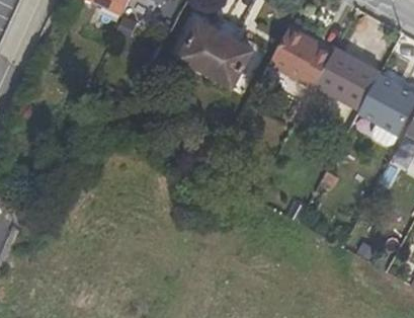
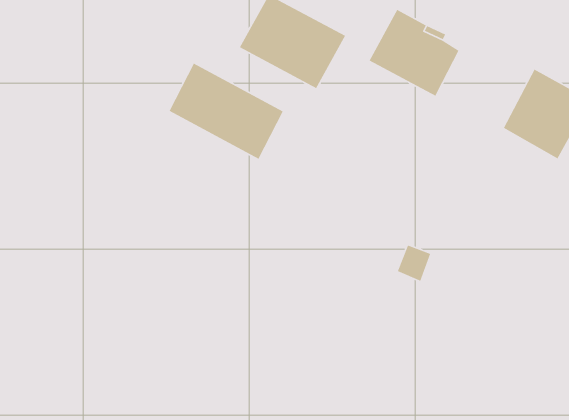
building: [312,47,360,103] -> none
building: none -> [168,63,284,160]

